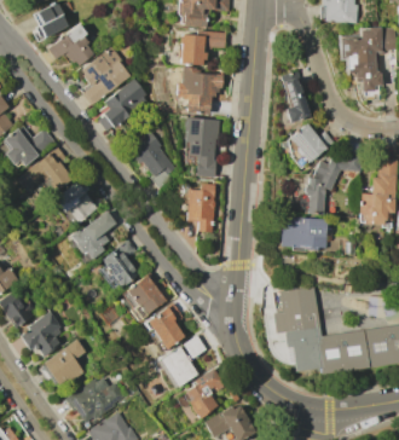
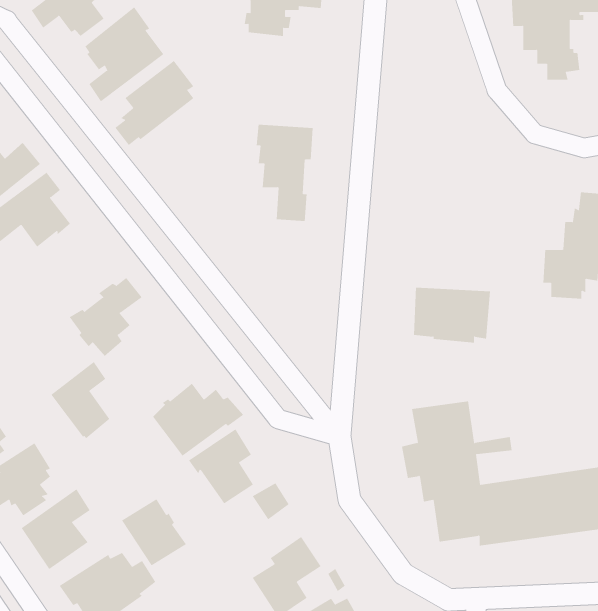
building: [177,66,222,114] -> none
building: [281,69,310,122] -> none
building: [288,122,334,168] -> none
building: [128,131,175,187] -> none
building: [306,157,362,214] -> none
building: [56,176,98,222] -> none
building: [186,183,215,231] -> none
building: [103,238,139,285] -> [50,361,110,439]
building: [158,346,198,387] -> [121,498,187,566]

